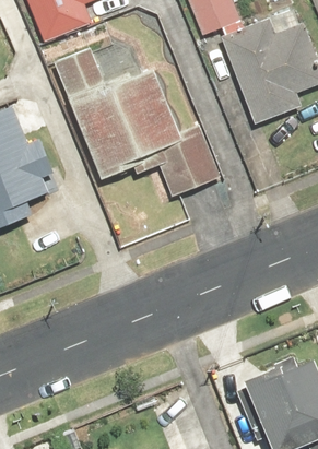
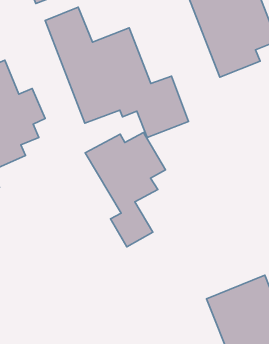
building: none -> [85,133,166,247]

